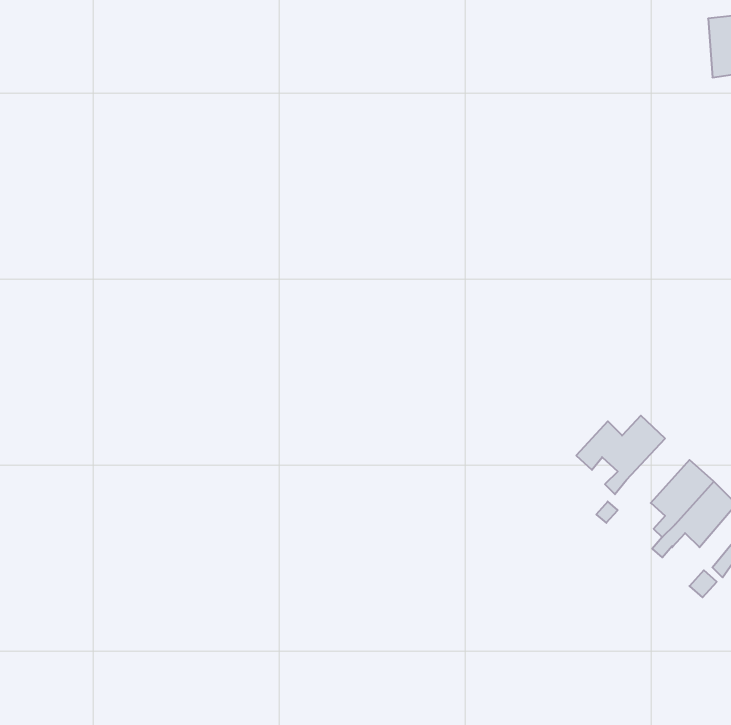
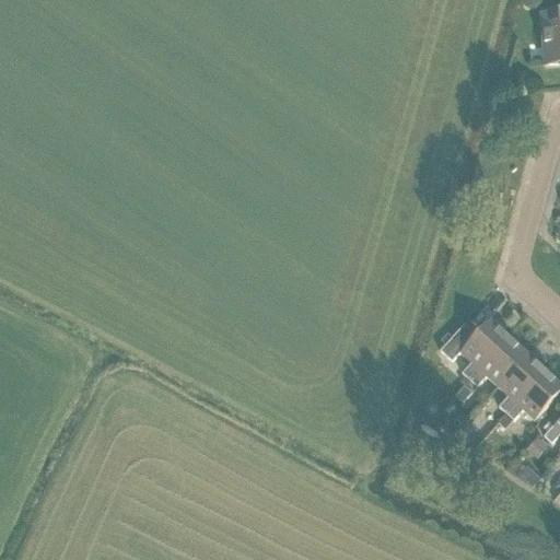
building: none -> [470,335,527,384]

